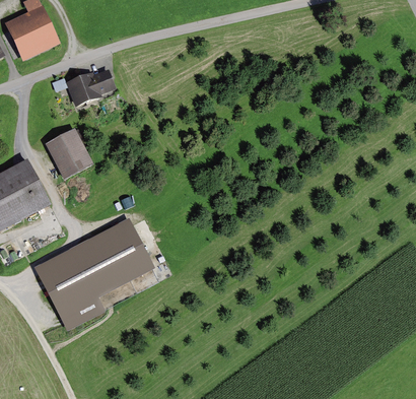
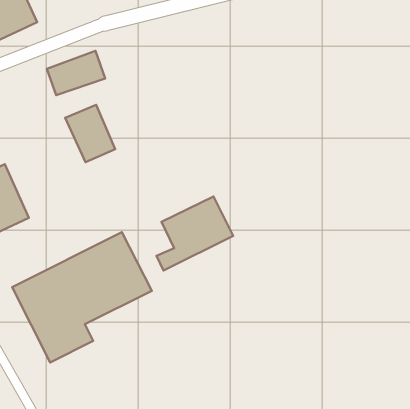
building: [49,128,91,177] -> [65,105,115,162]
building: none -> [156,196,233,271]

